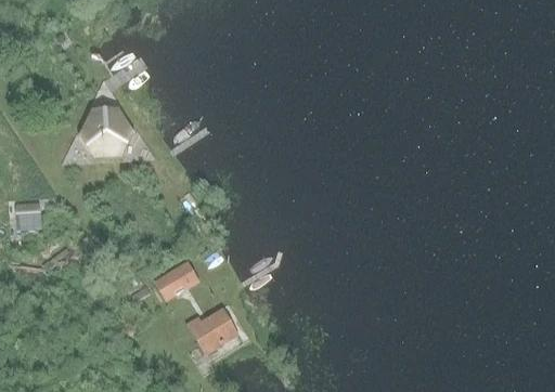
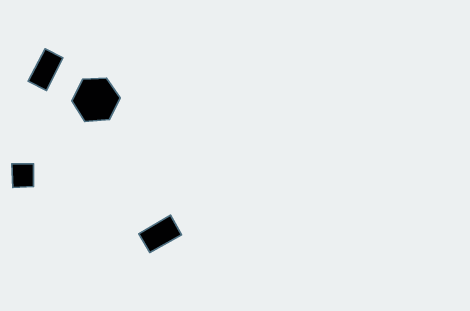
building: none -> [28,49,63,90]
building: [186,310,235,352] -> none

